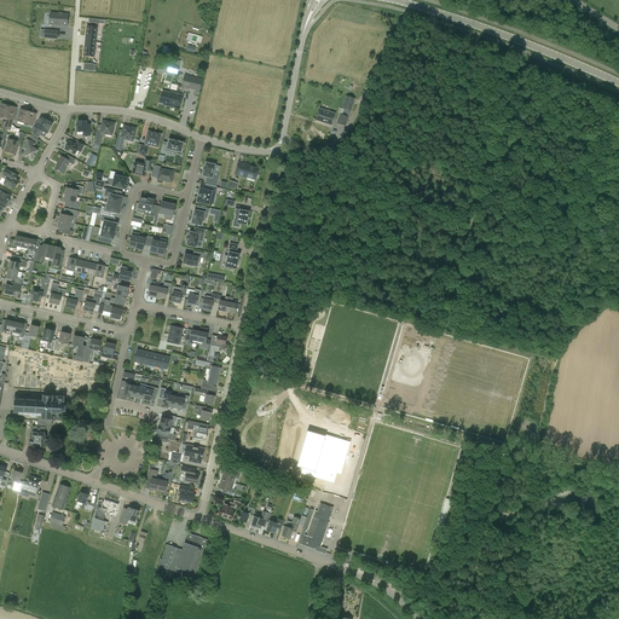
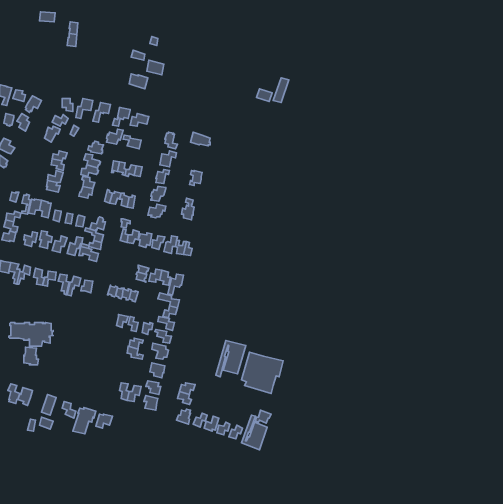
building: none -> [216,340,246,377]
building: [157,533,207,578] -> none

